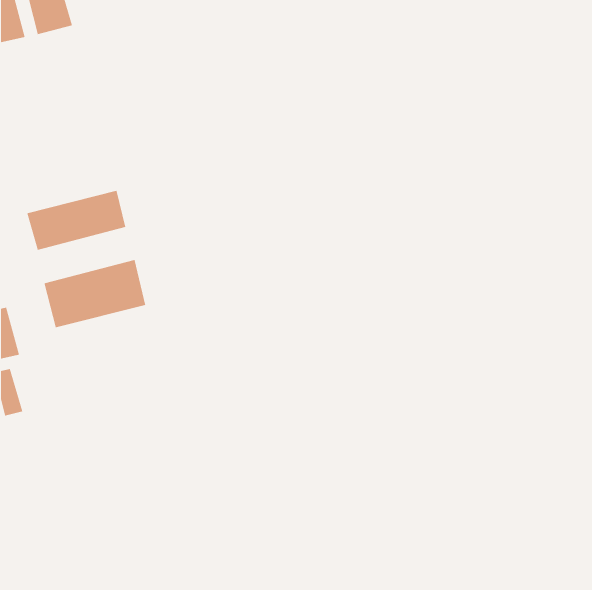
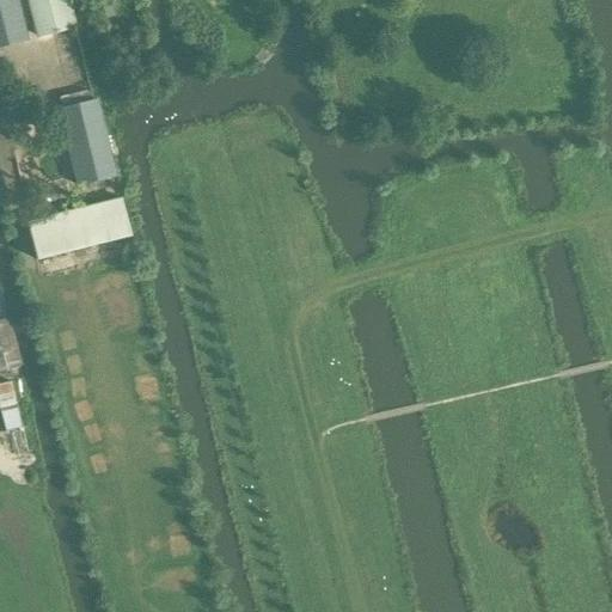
building: none -> [59,99,115,183]
building: [44,259,146,328] -> none

